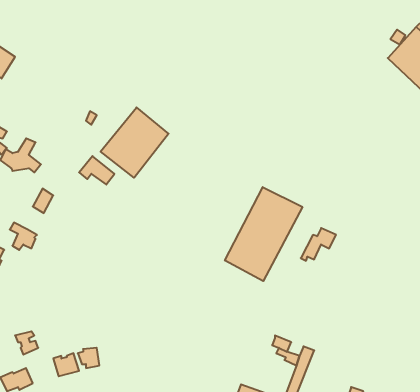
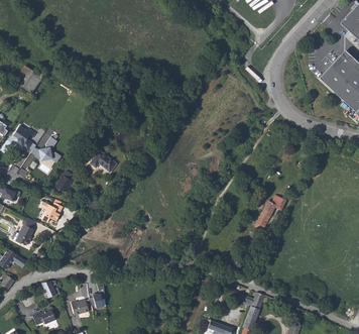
building: [101,107,169,178] -> none
building: [225,187,302,281] -> none

